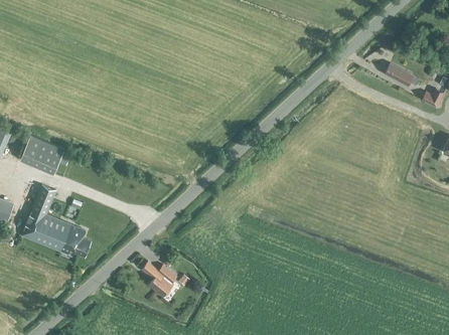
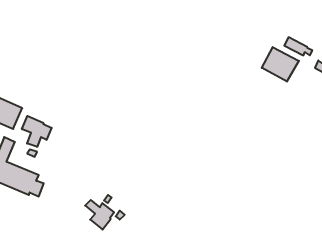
building: none -> [262,47,299,82]
building: none -> [22,116,52,147]

